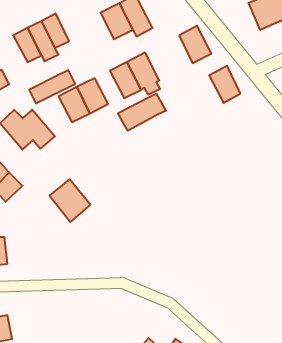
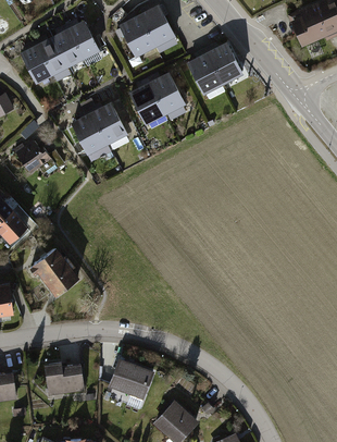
building: none -> [67,19,99,59]
building: [209,66,240,103] -> [188,52,224,95]
building: [29,70,75,104] -> none
building: [118,94,166,131] -> none
building: [50,179,90,222] -> [32,244,78,293]
building: none -> [108,357,152,397]
building: none -> [41,359,83,395]

